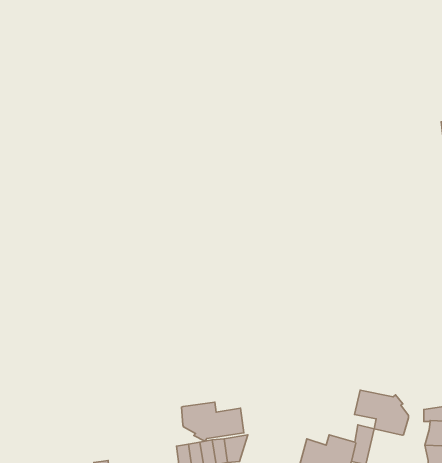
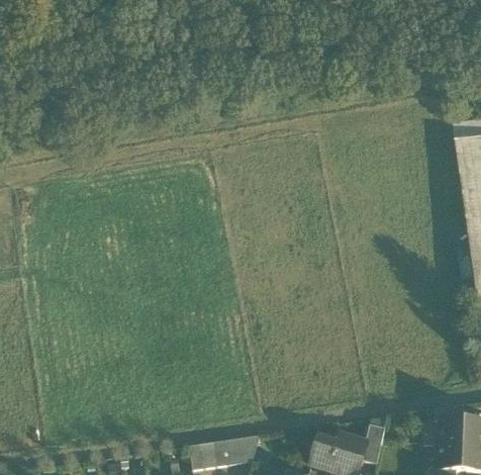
building: [354,390,409,435] -> none
building: [182,402,244,441] -> none

